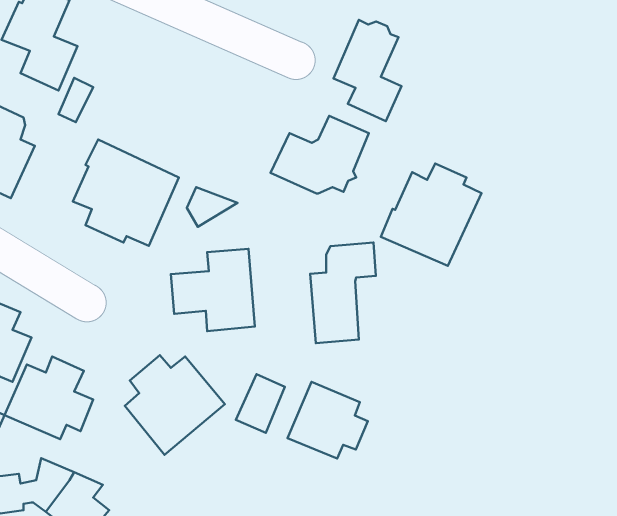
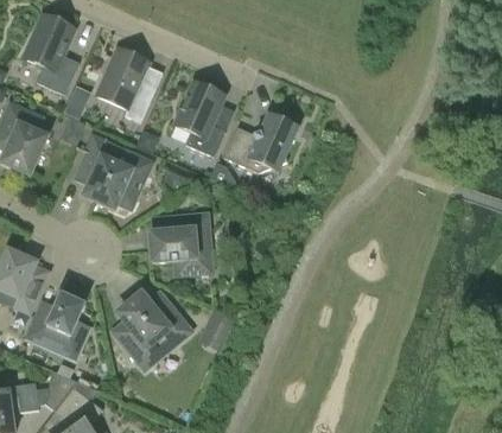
building: [333,20,402,121] -> [174,81,225,157]
building: none -> [97,47,155,122]
building: [381,164,481,266] -> none
building: [310,242,376,343] -> none
building: [287,382,368,458] -> none

